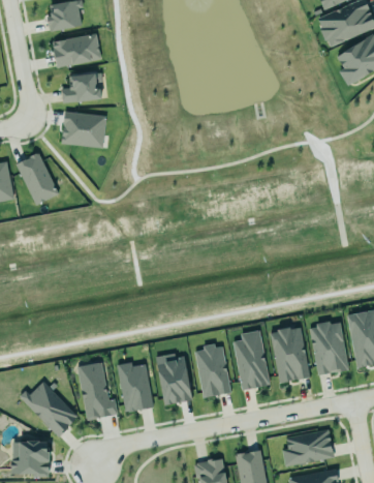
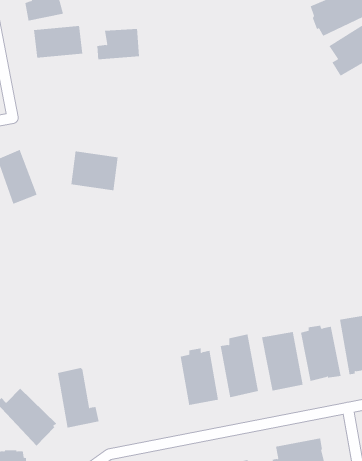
building: [63,72,104,102] -> [97,28,140,60]
building: [63,111,108,149] -> [71,151,118,191]
building: [155,352,192,404] -> none
building: [121,363,154,412] -> none

